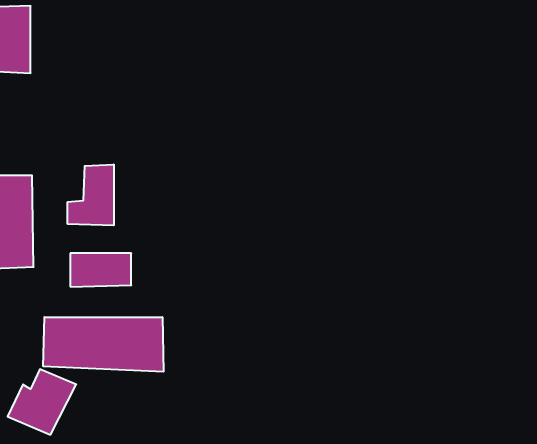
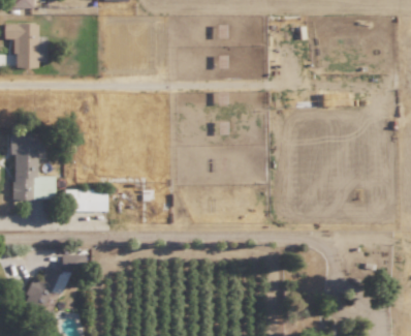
building: [68,164,114,225] -> none
building: [43,317,163,372] -> none

